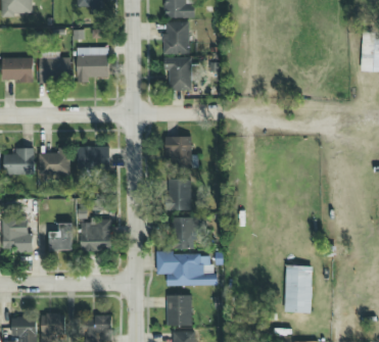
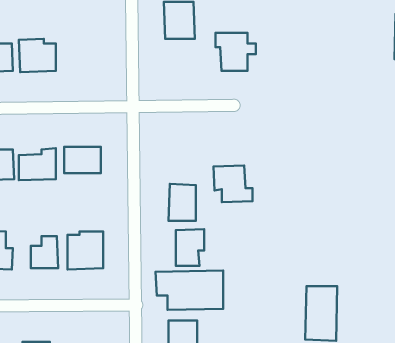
building: [76,47,108,82] -> none
building: [163,57,198,90] -> [216,33,256,71]
building: [163,136,197,167] -> [213,165,253,202]

